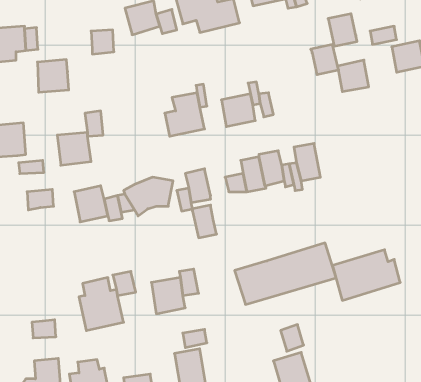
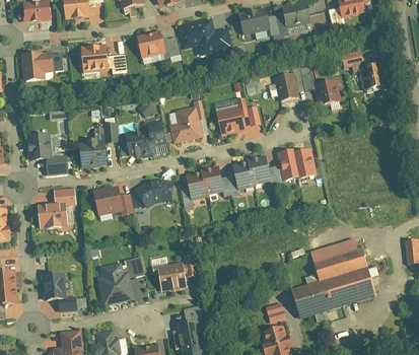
building: [328,14,357,46] -> [274,73,298,100]
building: [37,60,69,92] -> [82,45,109,72]
building: none -> [126,118,167,157]
building: none -> [295,148,316,178]
building: [192,205,217,238] -> [203,165,223,193]
building: none -> [38,203,67,229]
building: [235,243,336,304] -> [291,266,376,317]
building: none -> [42,273,67,300]

